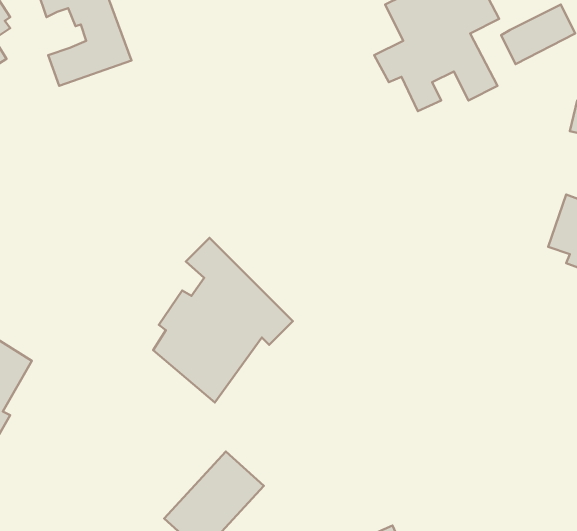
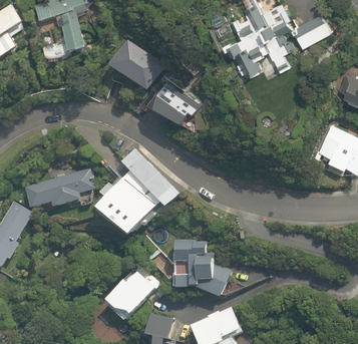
building: none -> [108,37,162,91]
building: none -> [147,86,193,127]
building: none -> [25,169,94,207]
building: none -> [174,239,231,297]

